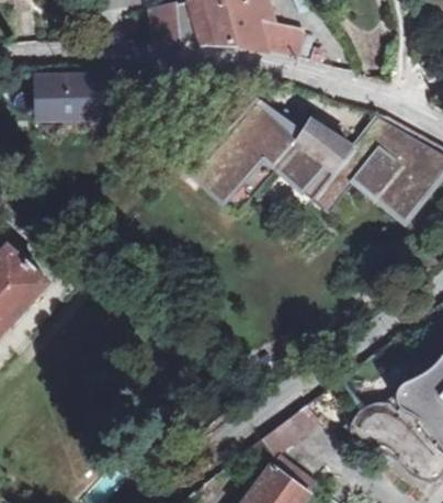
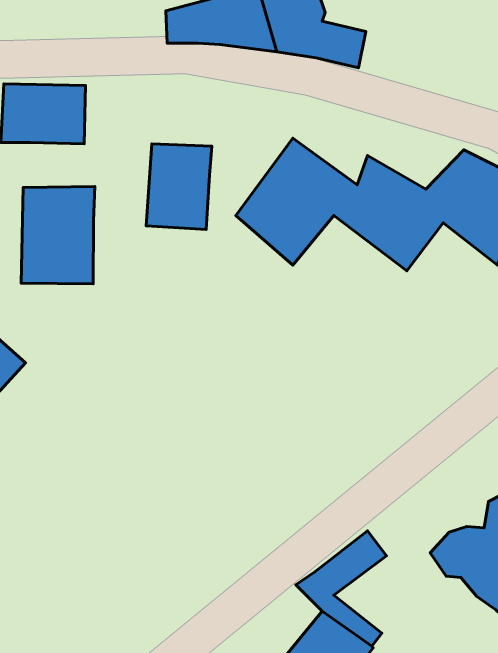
building: none -> [146,144,212,230]
building: none -> [21,187,95,284]

